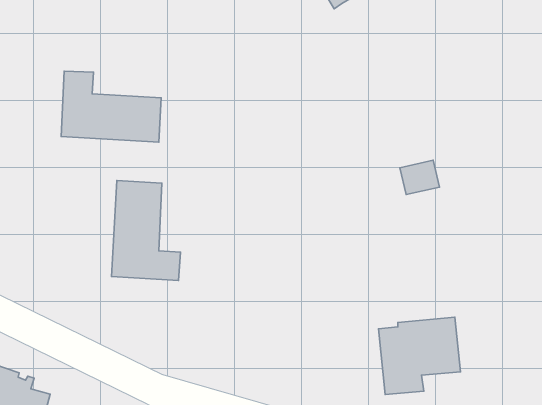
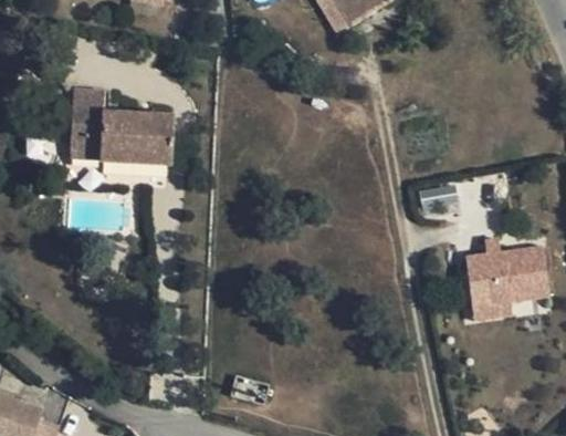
building: [112,181,181,280] -> none
building: [379,317,460,394] -> [465,241,549,321]

